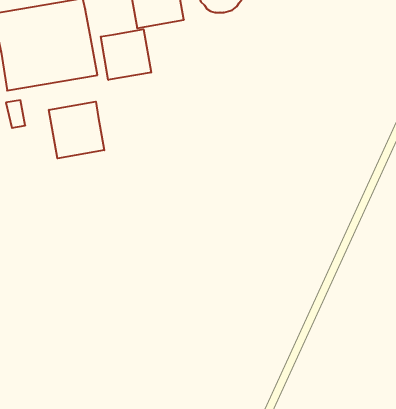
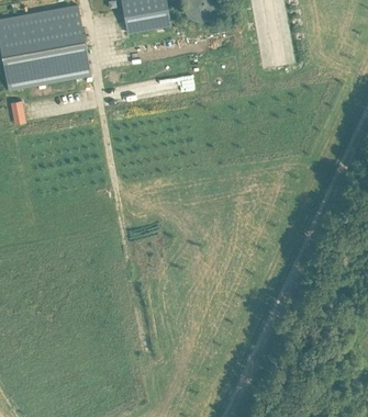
building: [101,29,151,80] -> none
building: [49,102,104,158] -> none

